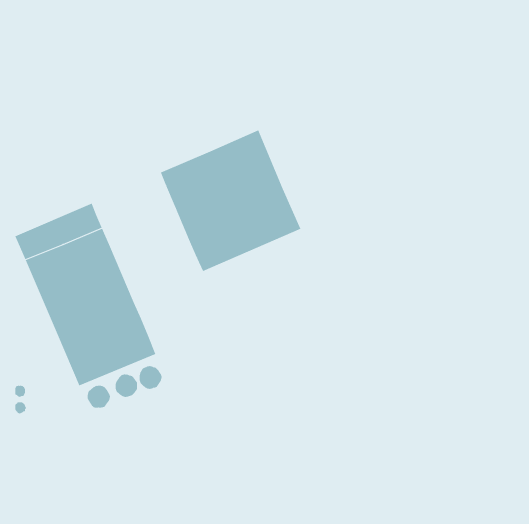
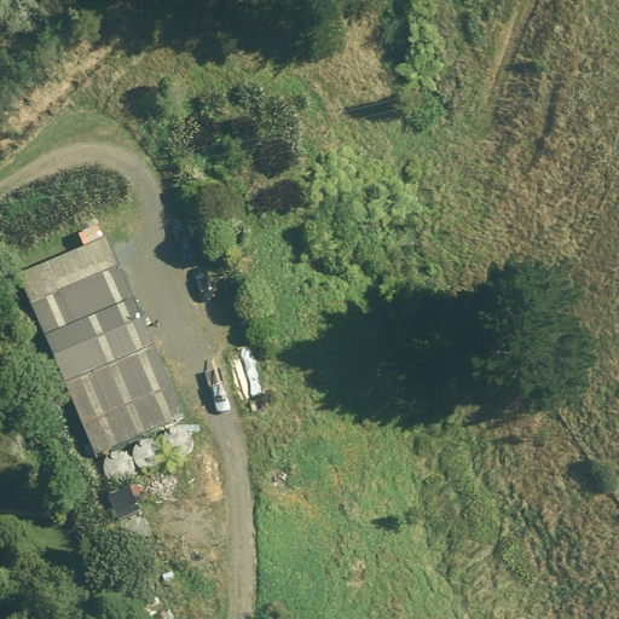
building: [160,130,301,272] -> none

